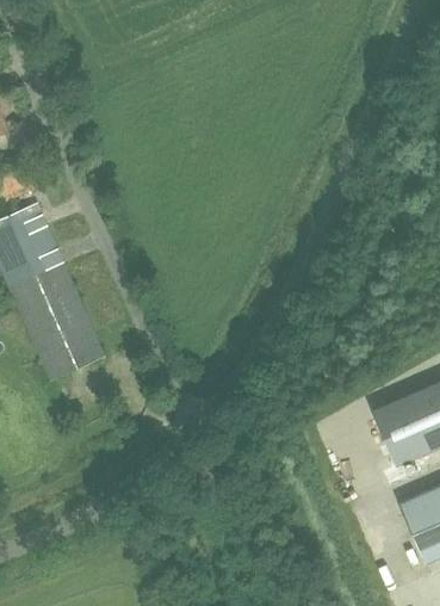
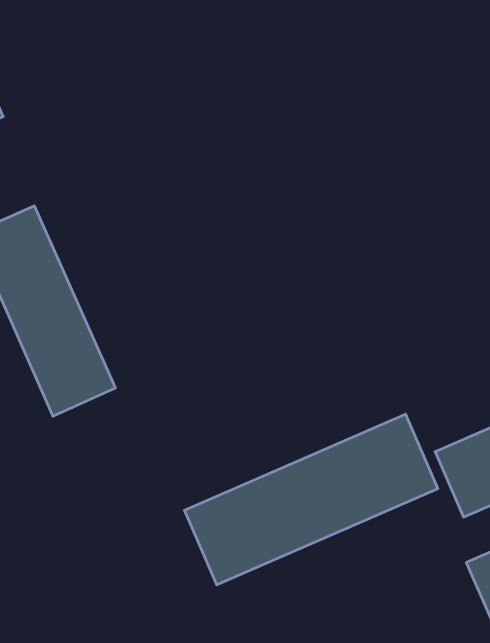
building: none -> [184,414,438,585]

